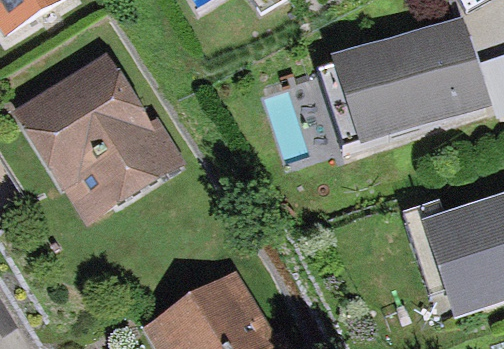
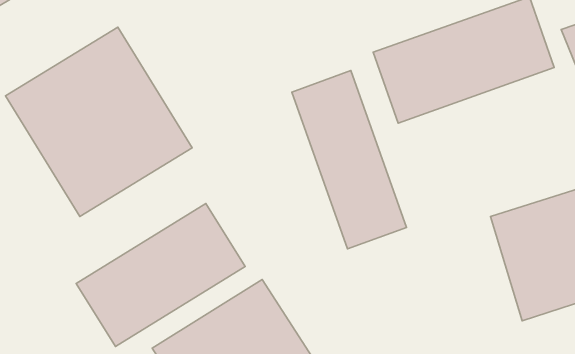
building: none -> [292,71,406,249]
building: none -> [76,203,245,347]

